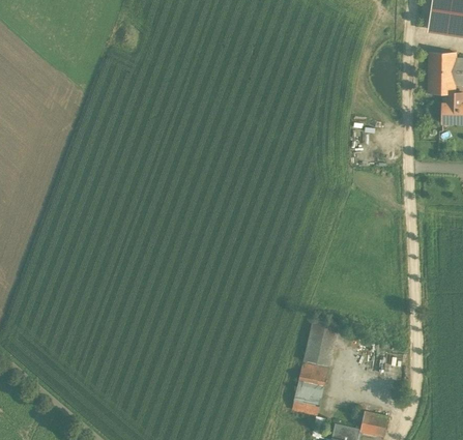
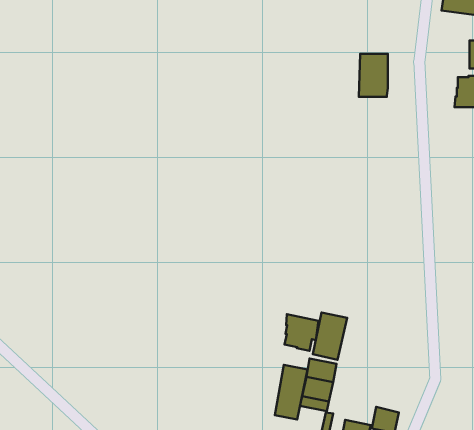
building: [428,52,456,93] -> [359,54,388,97]
building: none -> [285,314,318,351]
building: none -> [275,365,307,419]

